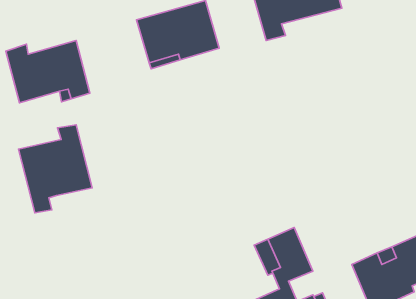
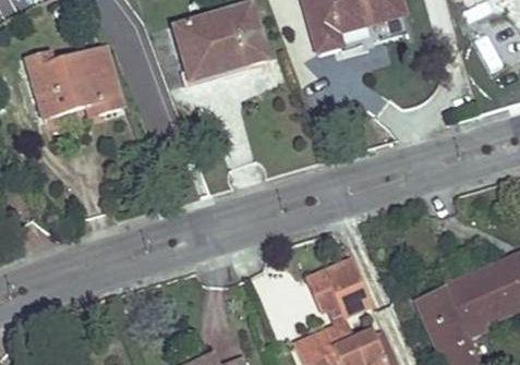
building: [18,125,92,213] -> none

